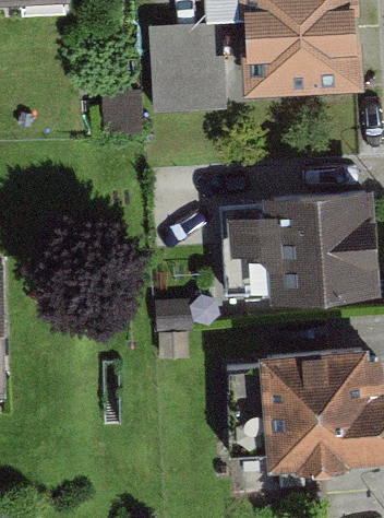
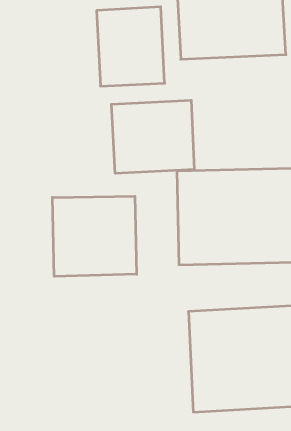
building: none -> [111,100,194,173]
building: none -> [52,196,137,276]

